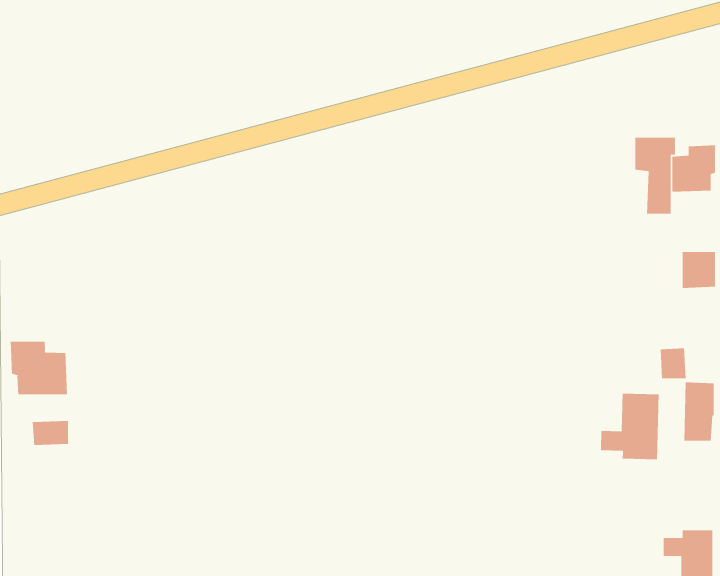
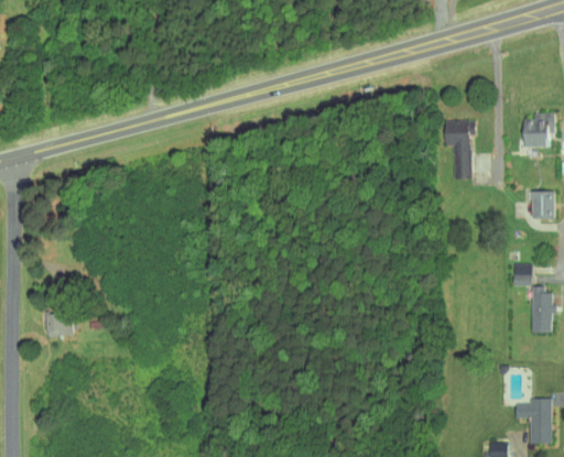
building: [634,137,676,214] -> [443,120,474,177]
building: [10,341,67,395] -> none
building: [600,393,659,460] -> none

